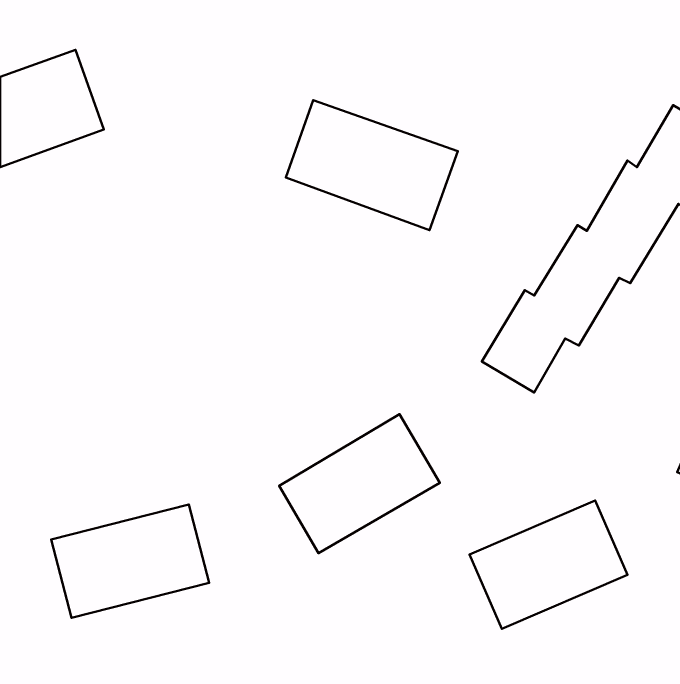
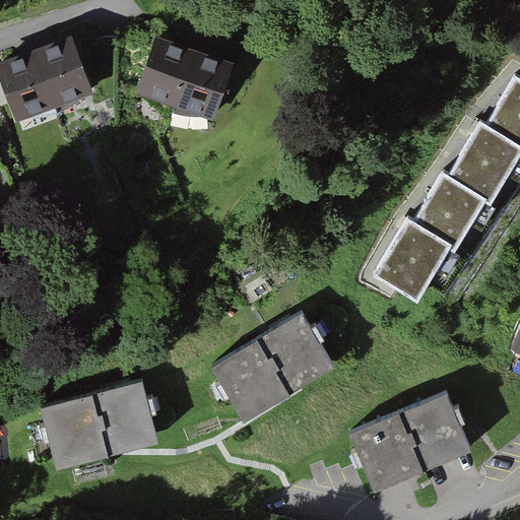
building: none -> [124,42,217,126]
building: [286,100,458,230] -> none

